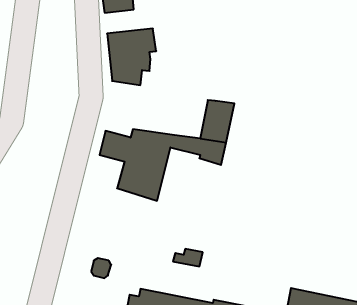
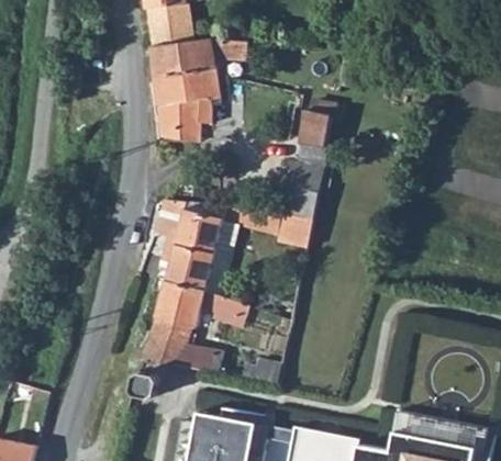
building: none -> [152,40,248,75]
building: none -> [298,111,333,167]
building: none -> [143,279,249,371]

